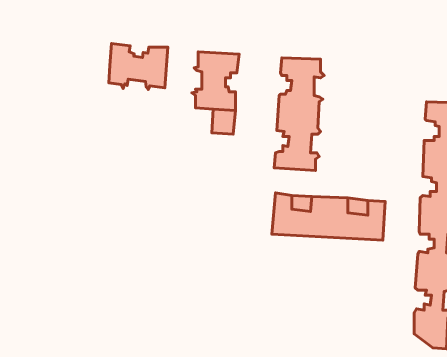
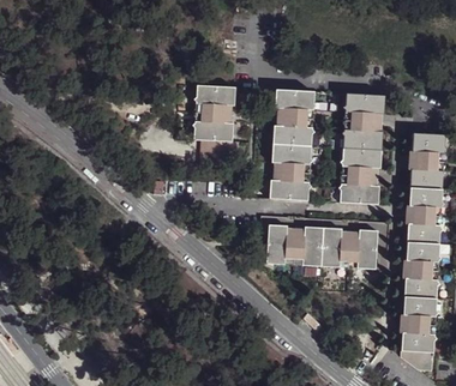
building: [109,43,168,89] -> none
building: none -> [335,94,383,204]

